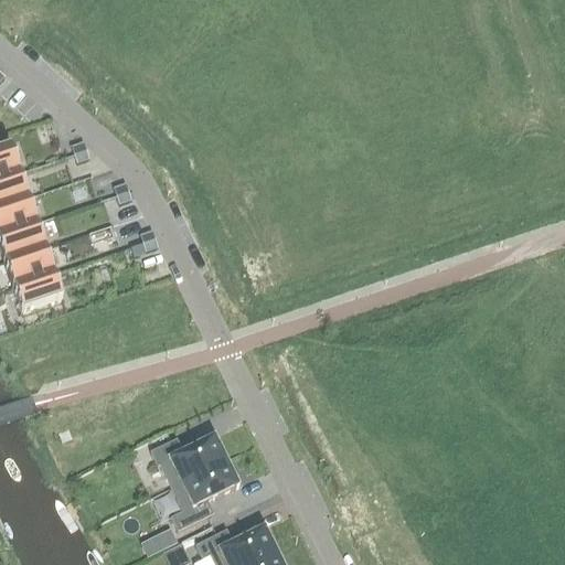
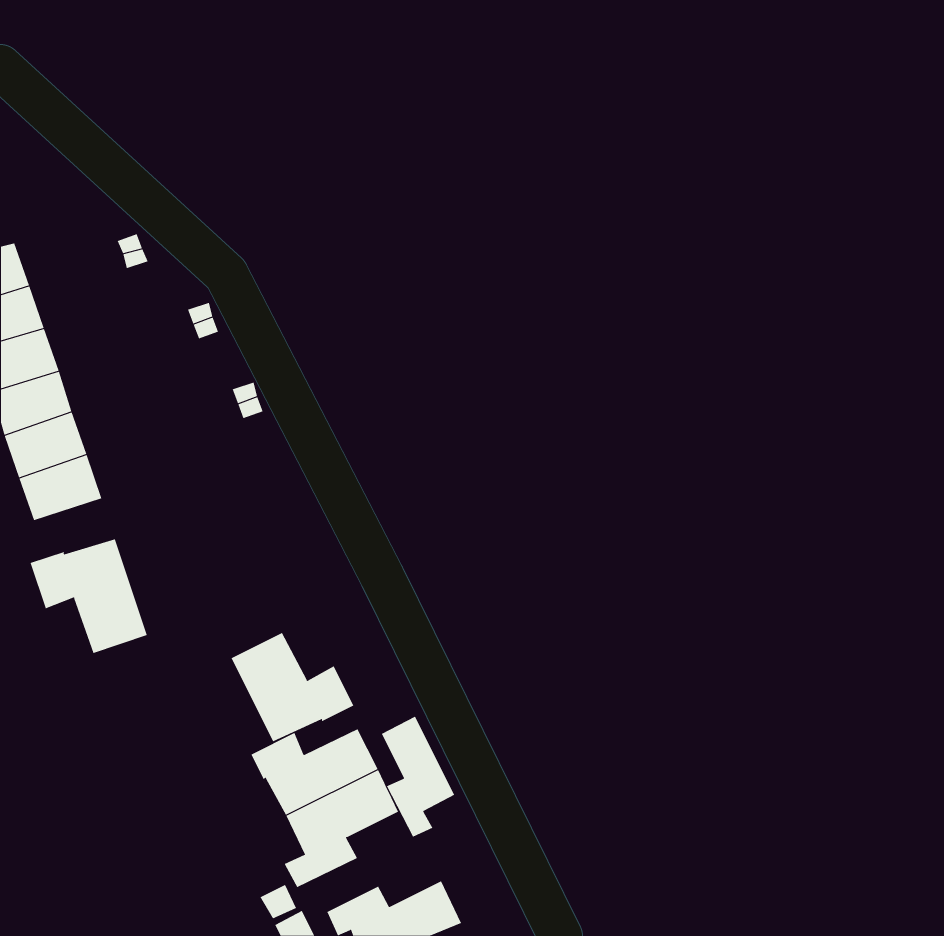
building: none -> [30,538,148,654]
building: none -> [231,632,354,742]
building: none -> [381,716,455,838]

